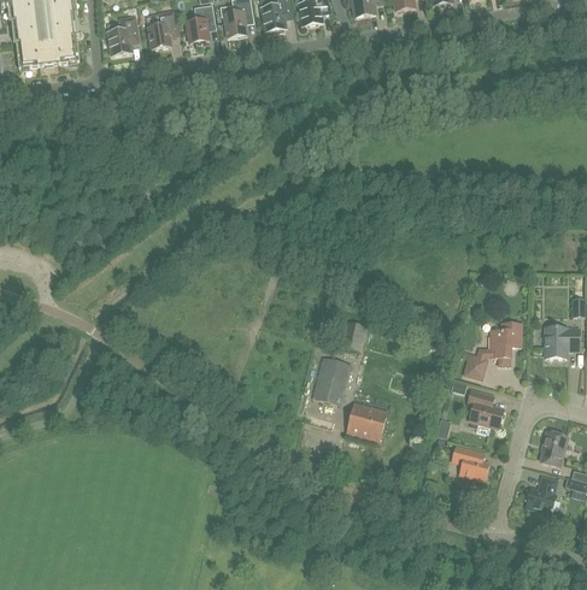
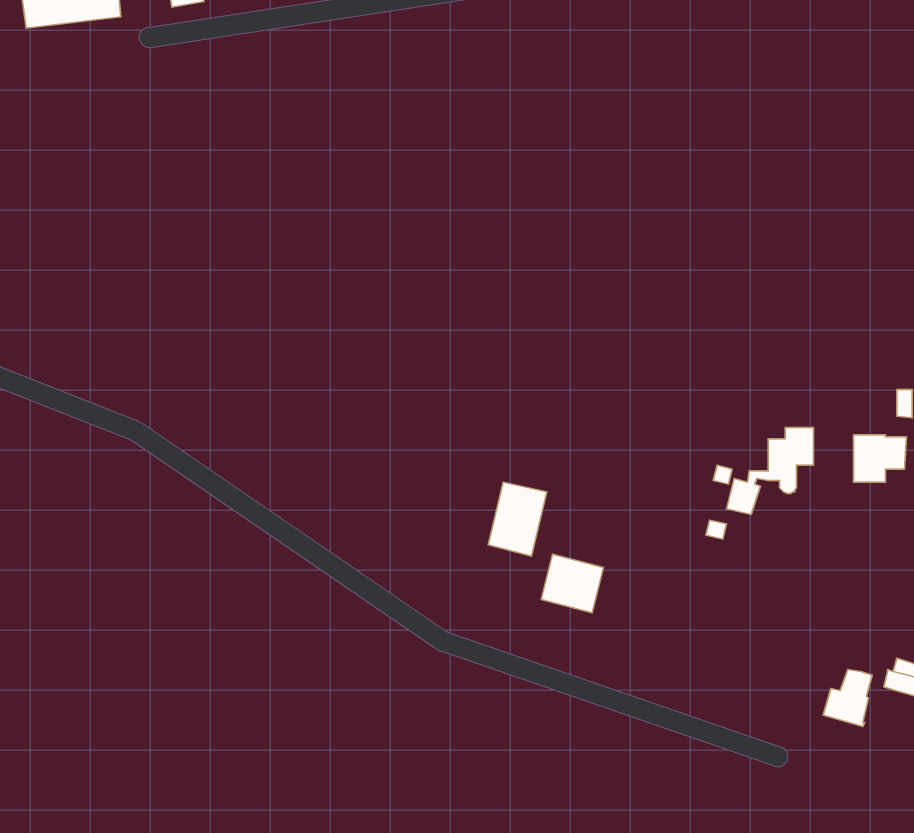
building: [466,389,503,433] -> none
building: [540,430,564,466] -> none
building: [451,446,488,479] -> none

